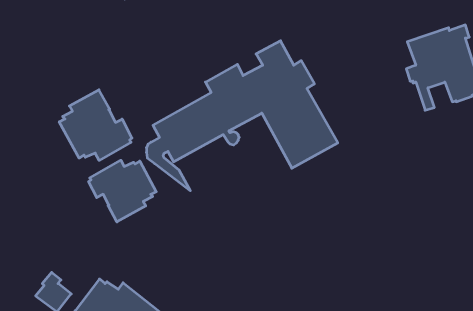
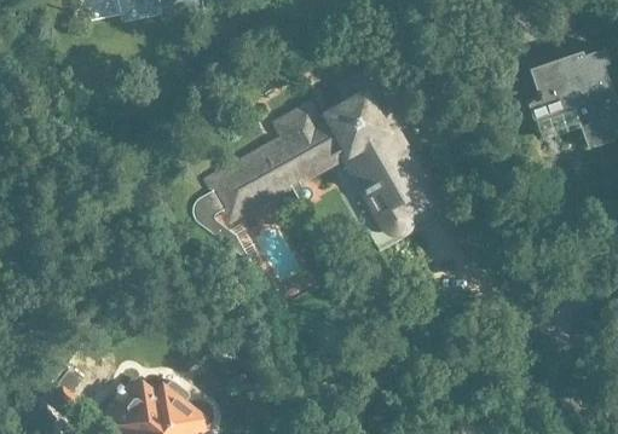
building: [59,90,132,160] -> none
building: [89,160,156,222] -> none

